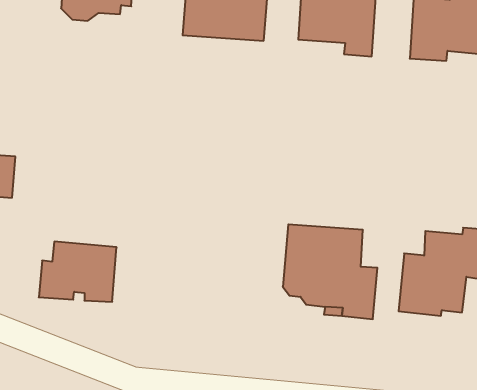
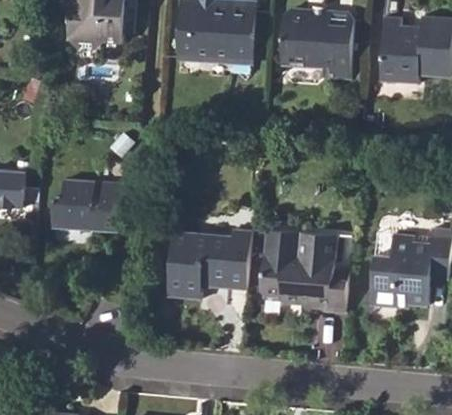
building: none -> [170,229,254,298]
building: [39,242,117,302] -> [54,177,124,231]

